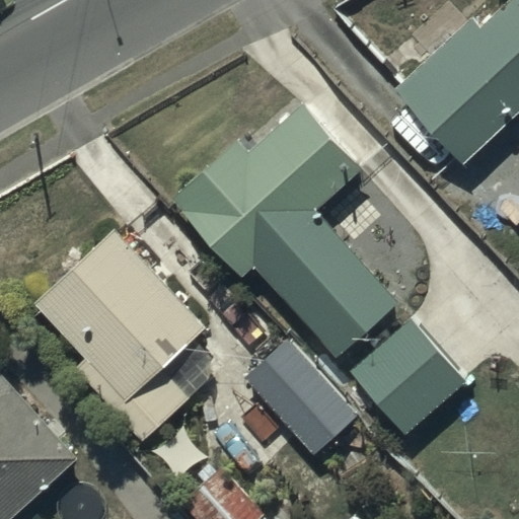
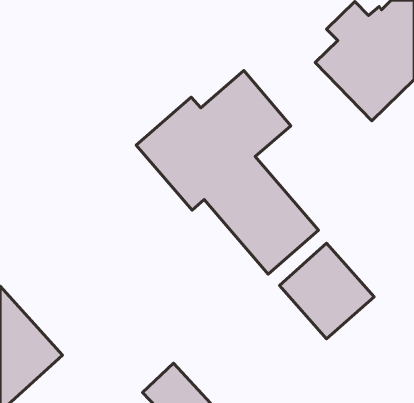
building: [30,225,205,441] -> none
building: [244,343,370,461] -> none

